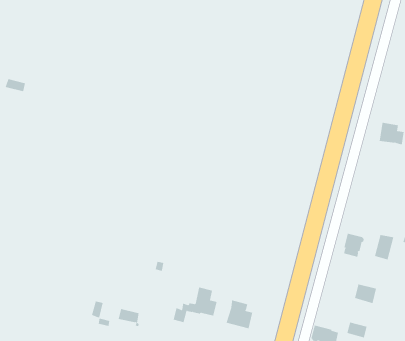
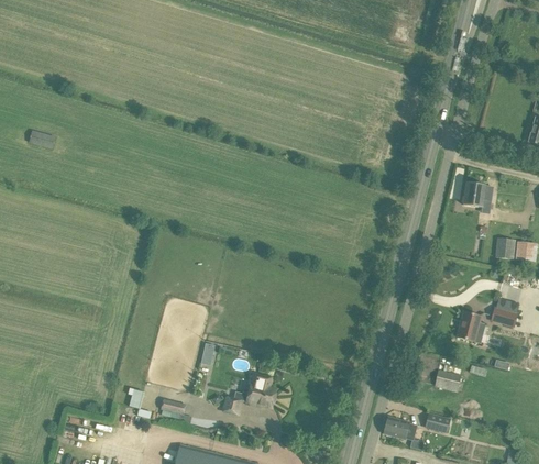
building: [344,233,364,257] -> none
building: [226,300,253,329] -> none

